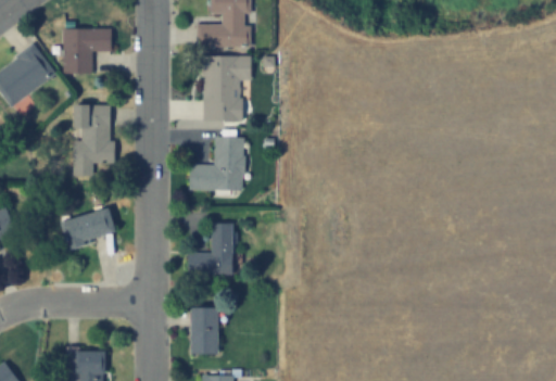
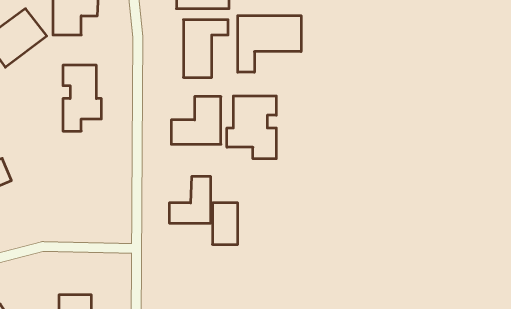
building: none -> [238,16,301,72]
building: none -> [227,96,276,159]
building: [62,208,114,249] -> none
building: [190,307,217,352] -> [212,203,238,244]

